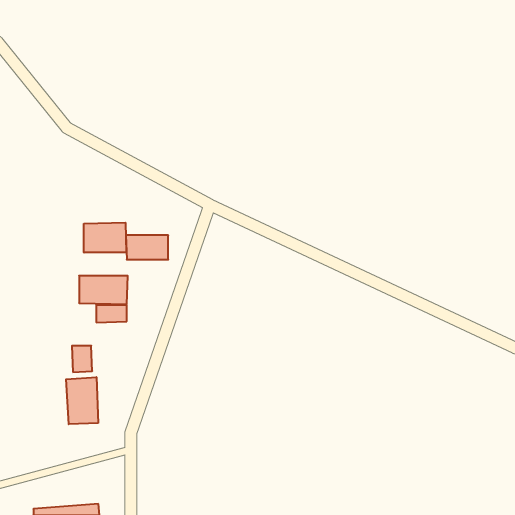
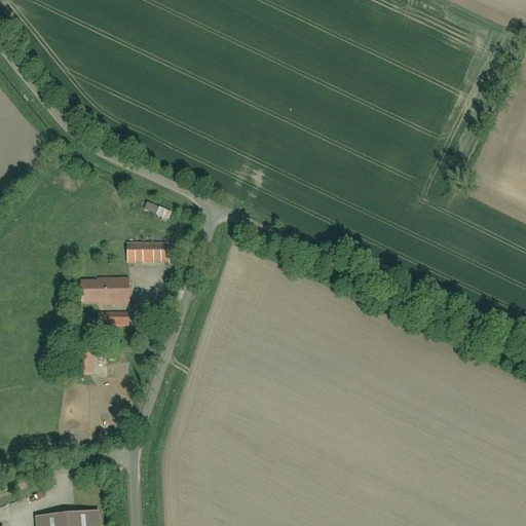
building: [84,223,126,253] -> none
building: [66,377,98,424] -> none

